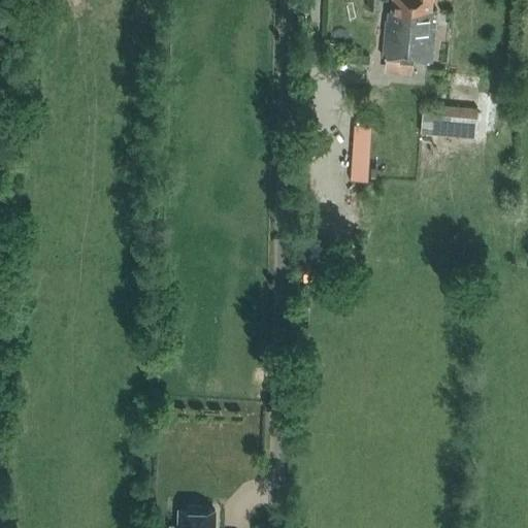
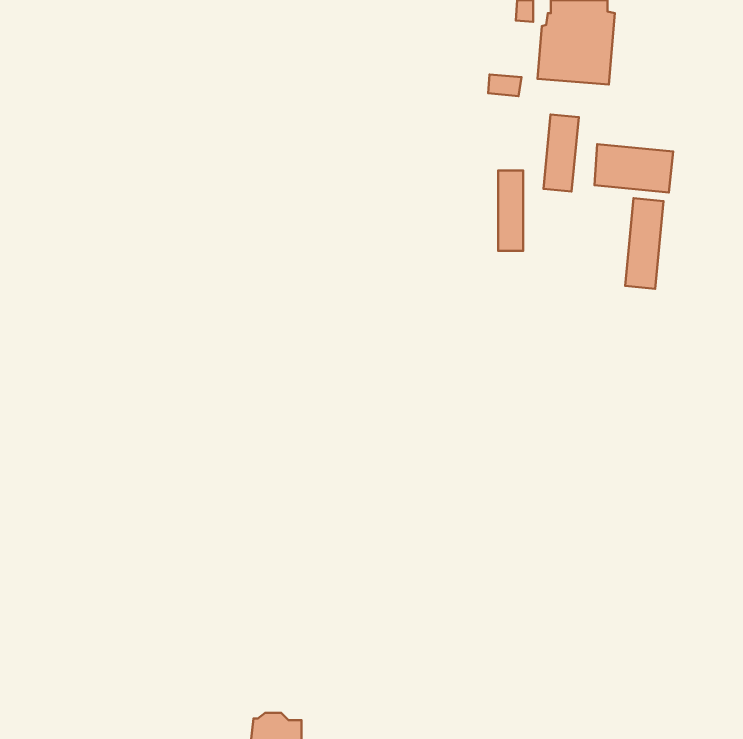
building: none -> [543,115,579,192]
building: none -> [625,198,664,289]

